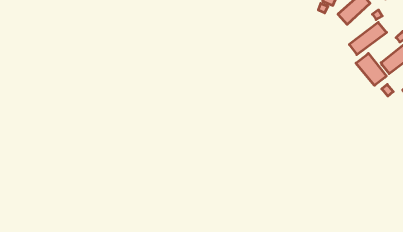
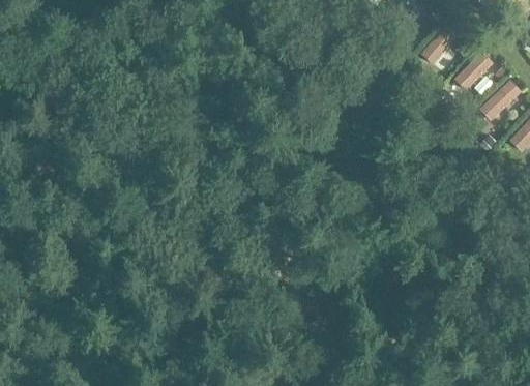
building: [356,53,386,85] -> none

